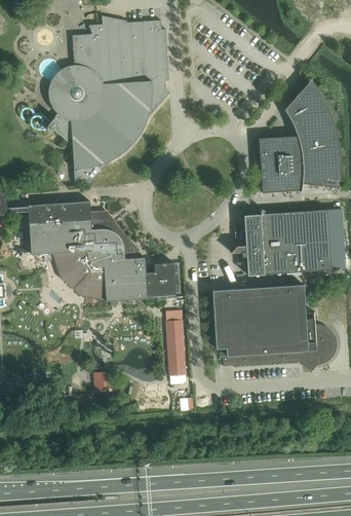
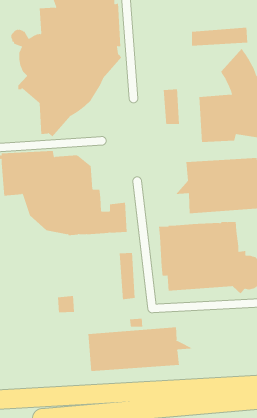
building: none -> [191,27,248,46]
building: none -> [163,89,180,125]
building: none -> [88,326,194,372]

